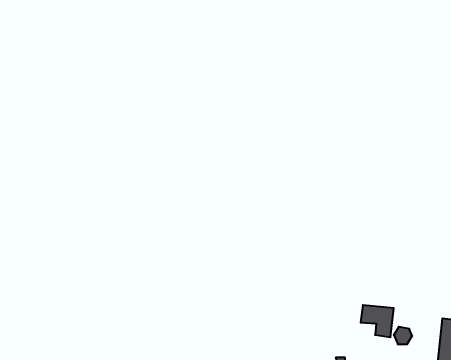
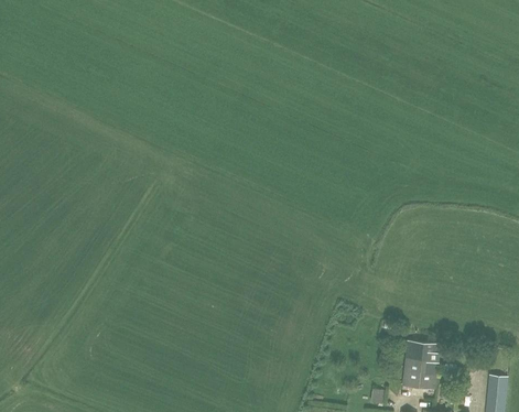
building: none -> [402,359,436,389]

